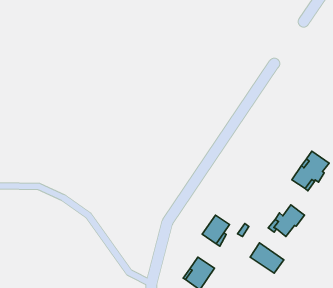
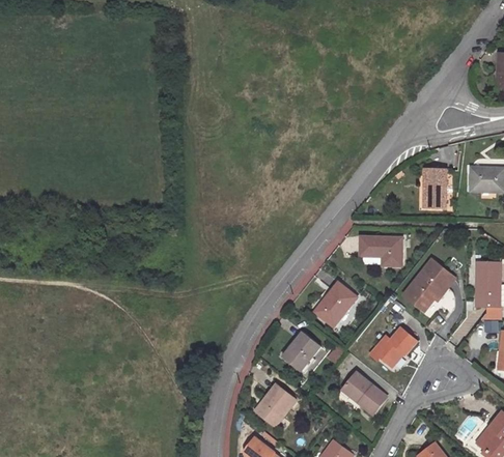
building: none -> [421,171,444,209]
building: none -> [364,234,405,262]
building: none -> [314,284,356,327]

